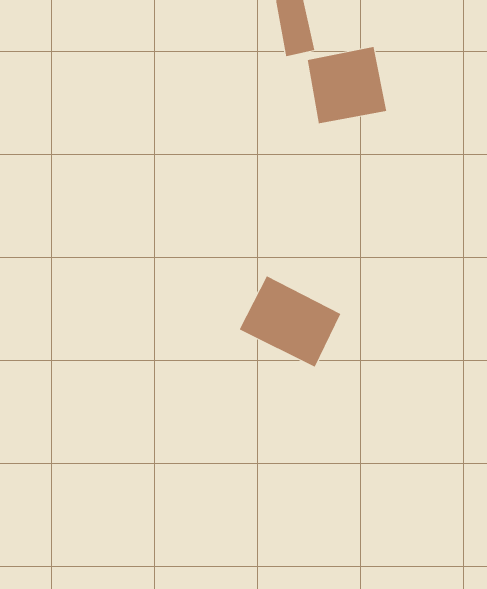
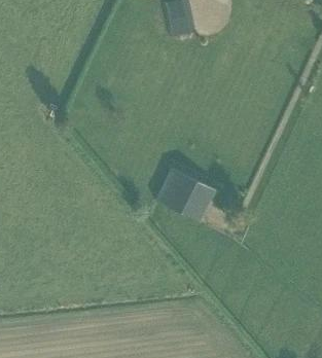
building: [307,46,387,124] -> none

